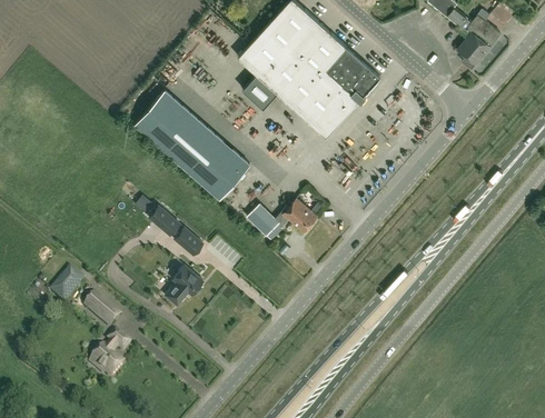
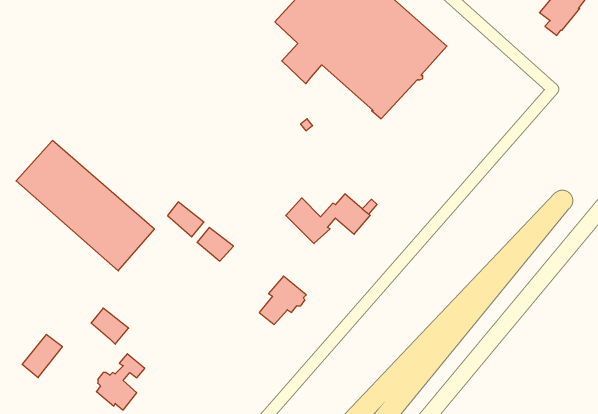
building: [136,92,250,200] -> [16,141,154,271]
building: [165,266,204,306] -> [259,276,306,324]
building: [50,268,83,303] -> [22,335,62,378]

